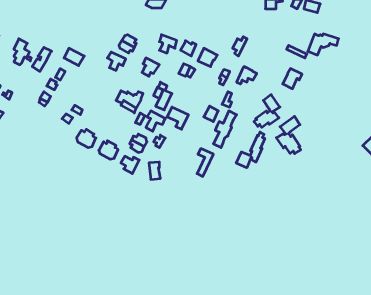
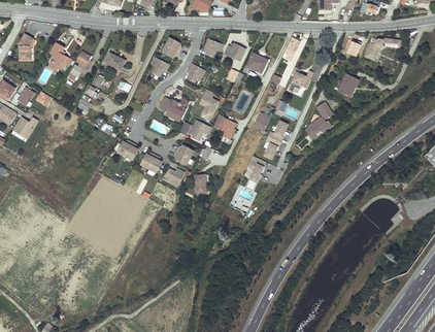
building: [276,116,301,154] -> none
building: [236,132,265,168] -> none

